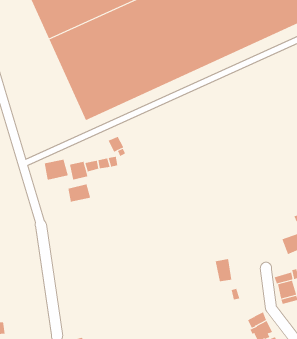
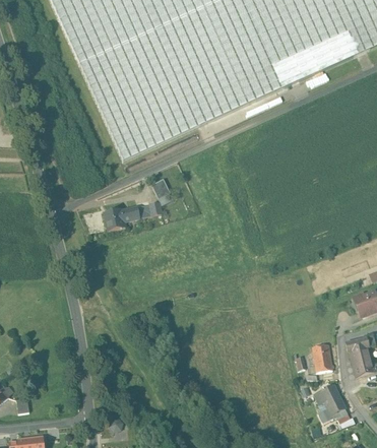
building: [44,159,69,180] -> none
building: [68,184,91,203] -> none
building: [215,259,232,282] -> [312,345,332,373]

